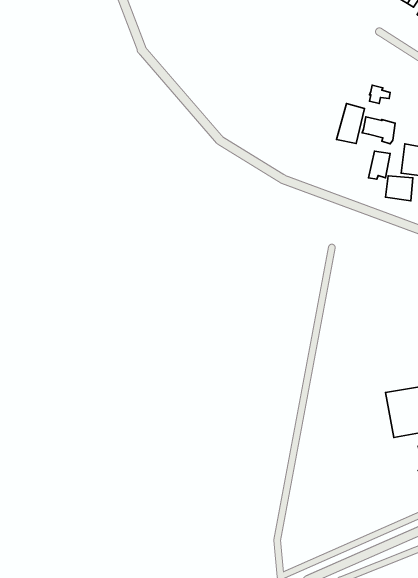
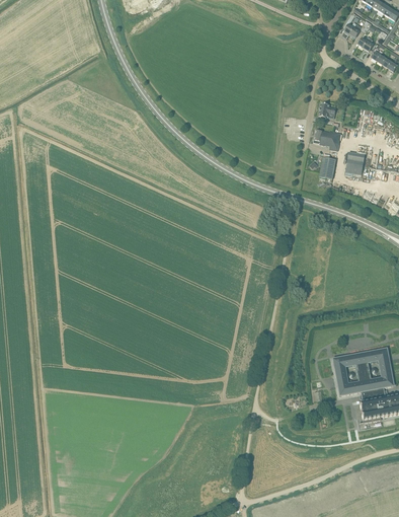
building: [336,103,365,143] -> none
building: [385,176,413,201] -> none

